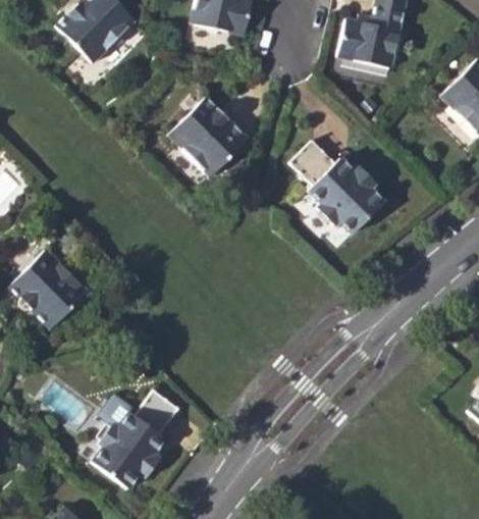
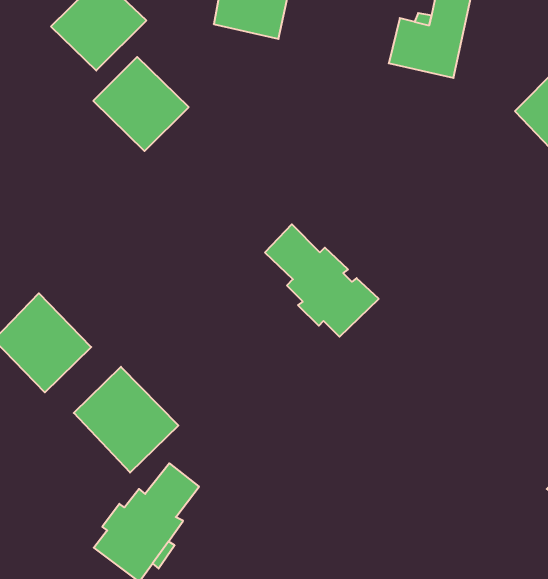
building: [169,97,249,175] -> [93,57,189,151]
building: [290,139,385,232] -> [265,224,379,337]
building: none -> [74,367,178,473]

